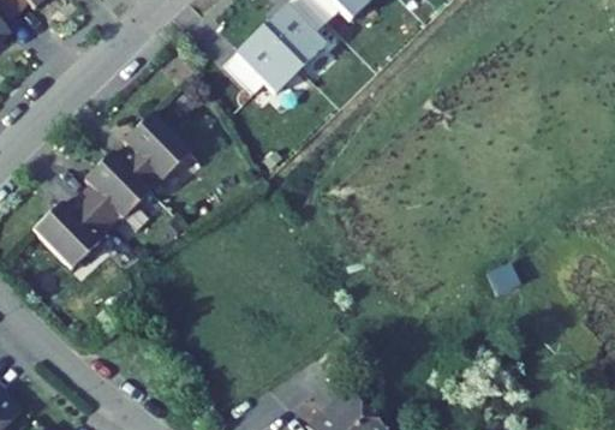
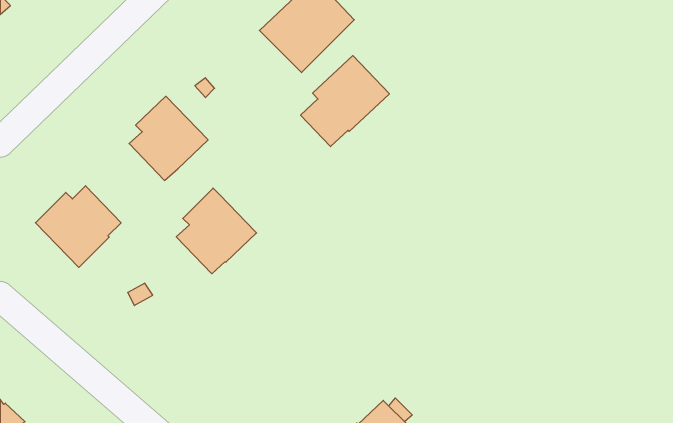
building: none -> [301,56,389,147]
building: [78,150,151,228] -> [176,188,257,274]

